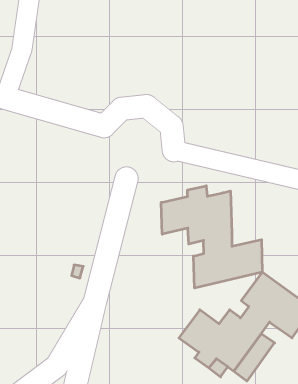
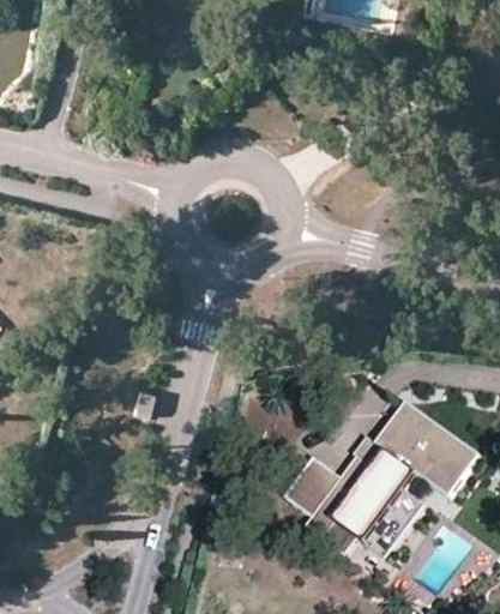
building: [161,186,262,288] -> none

